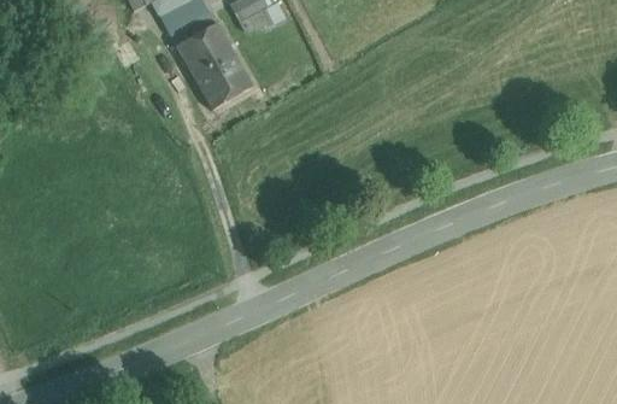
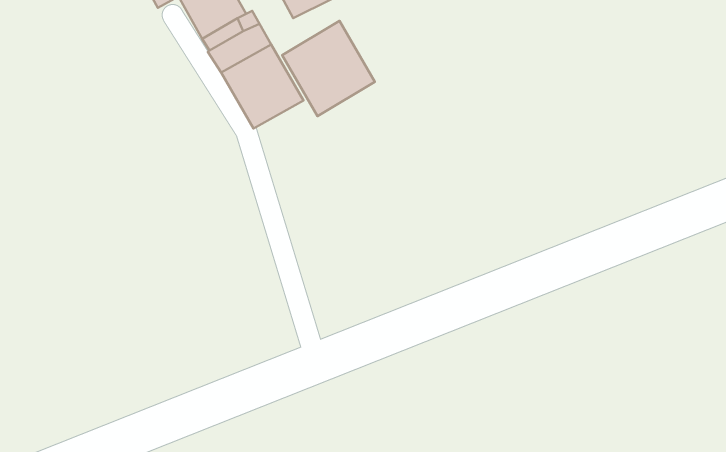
building: none -> [282,21,375,116]

